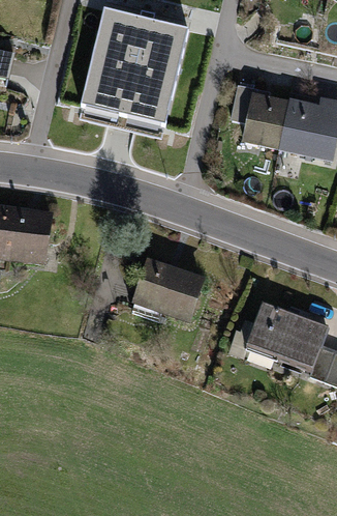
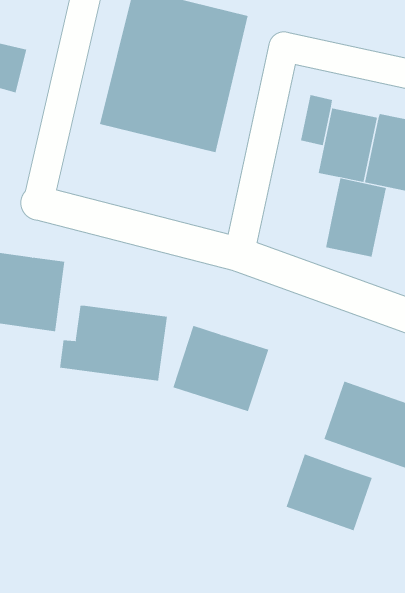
building: none -> [325,178,386,257]
building: none -> [60,305,168,382]
building: none -> [286,454,373,531]

